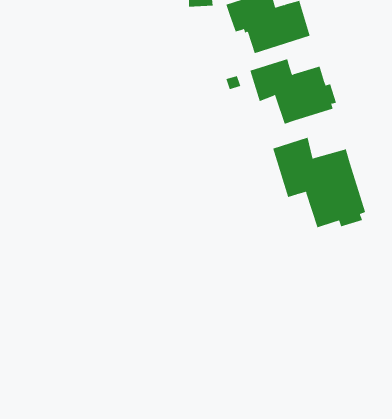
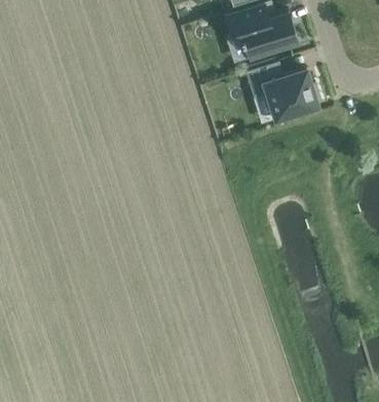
building: [272,137,366,228] -> none

